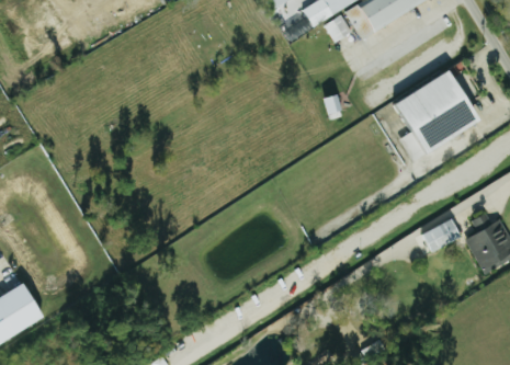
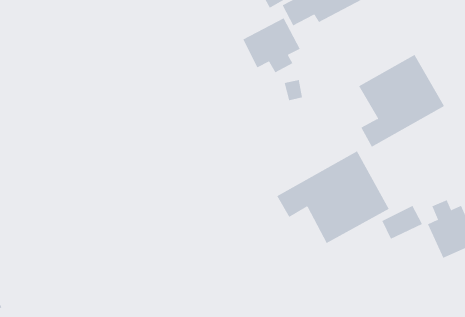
building: none -> [242,17,300,73]
building: none -> [277,150,389,244]

